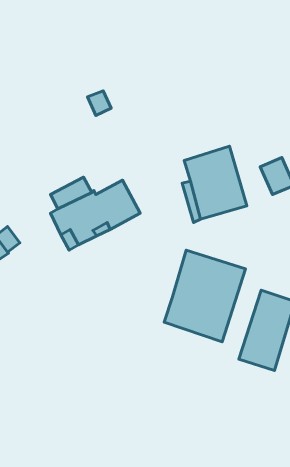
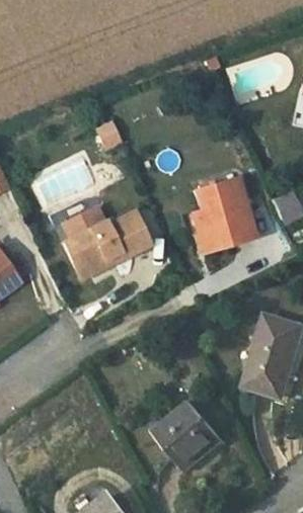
building: [164,250,245,342] -> none
building: none -> [155,403,225,473]

